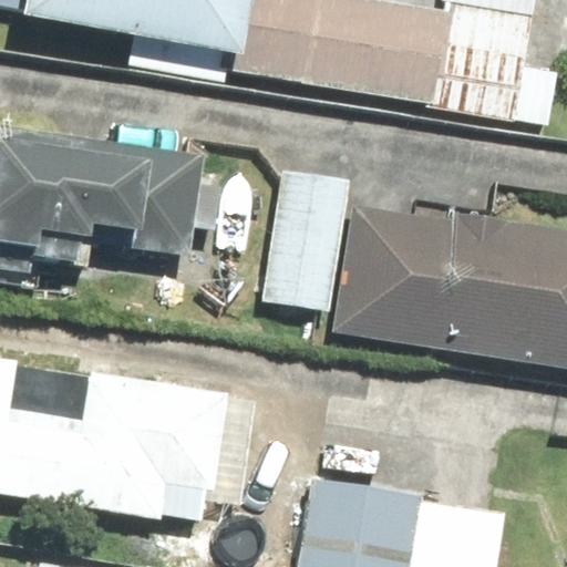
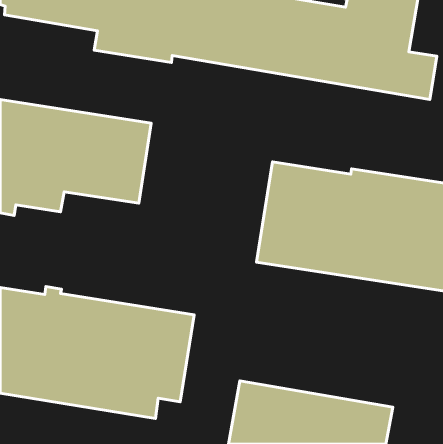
building: [260,168,348,310] -> none

